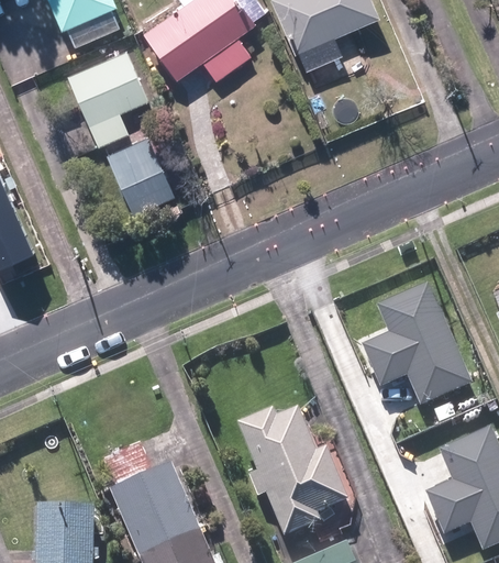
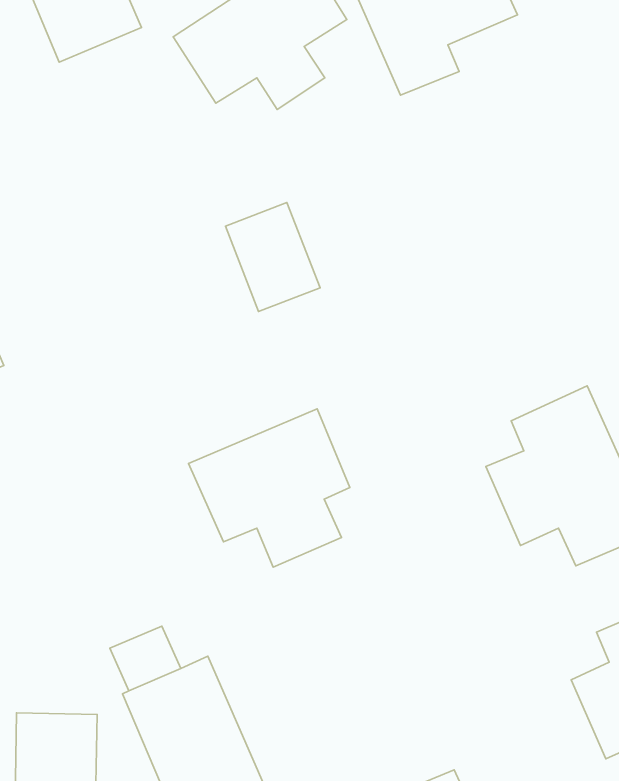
building: [66,51,148,150] -> none
building: [108,141,174,217] -> [225,203,320,312]
building: none -> [188,409,350,567]
building: [236,407,352,539] -> none

